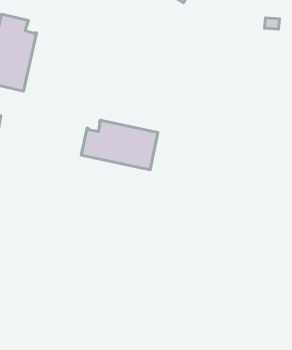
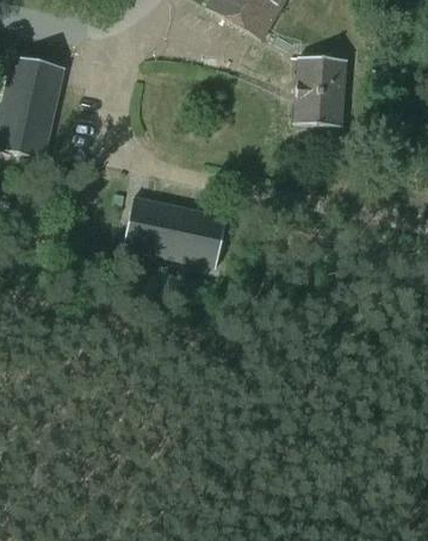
building: none -> [293,54,346,125]

